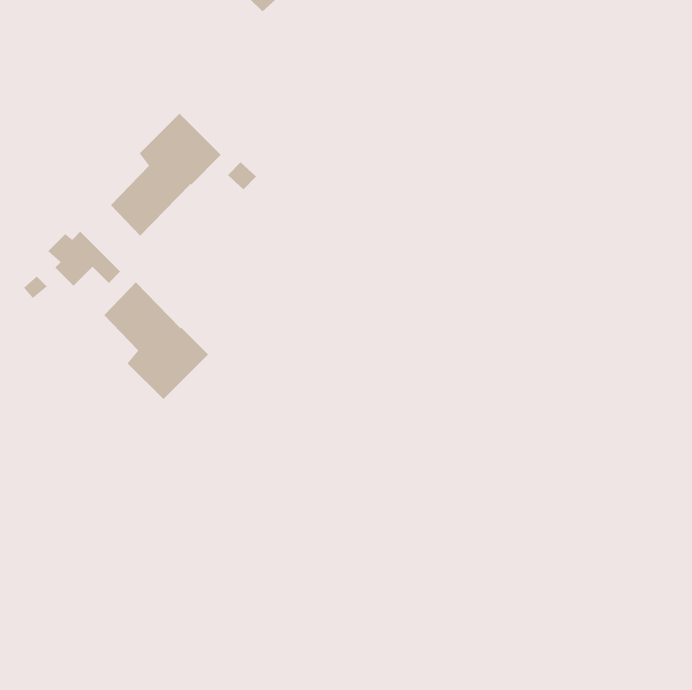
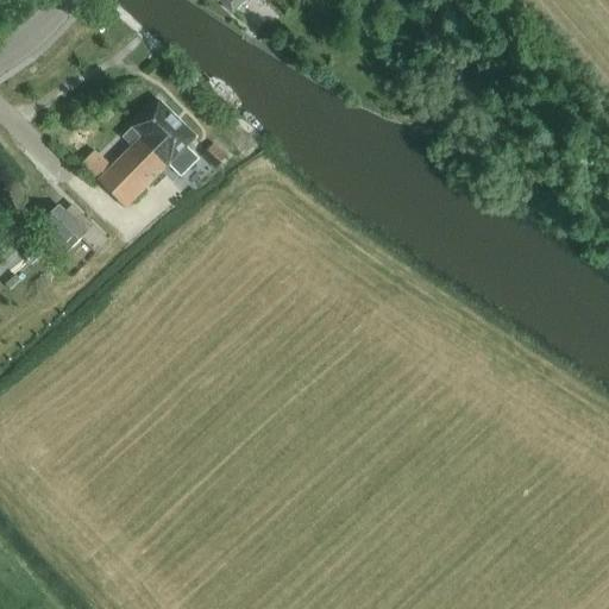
building: [104,282,209,400] -> none

